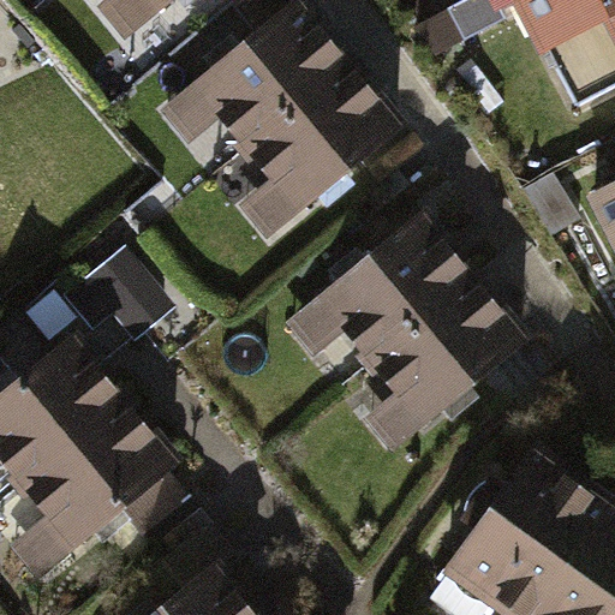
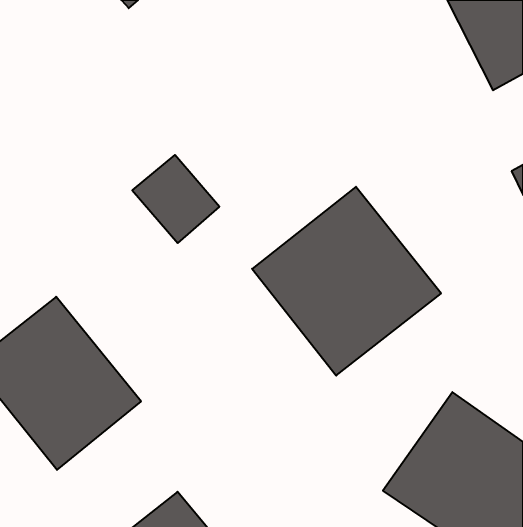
building: [191,11,392,215] -> none
building: [77,250,178,352] -> [132,155,219,243]

